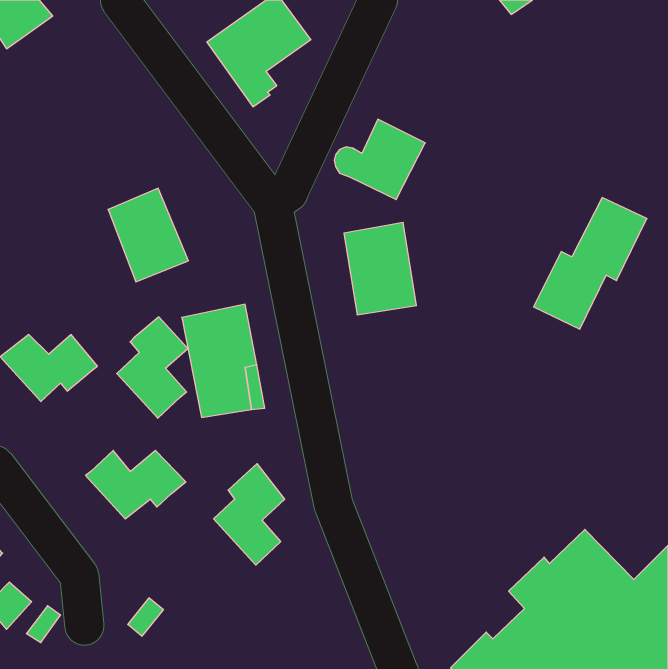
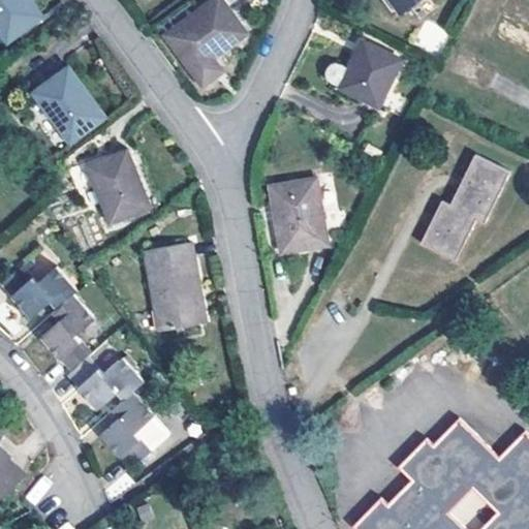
building: none -> [32,68,102,142]
building: [334,119,425,200] -> [328,42,399,105]
building: [117,317,188,418] -> [39,293,95,373]
building: [214,464,285,565] -> [100,391,156,470]

